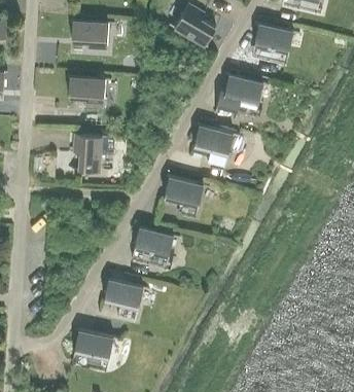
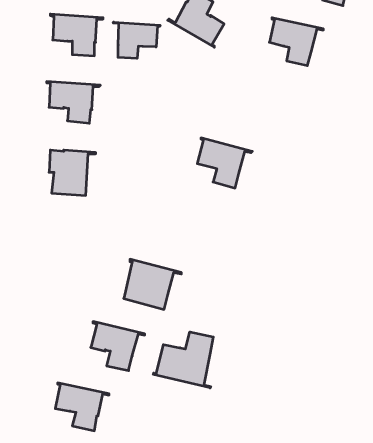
building: none -> [113,22,160,58]
building: [217,73,270,114] -> none
building: [164,176,210,217] -> none
building: none -> [153,332,213,388]

